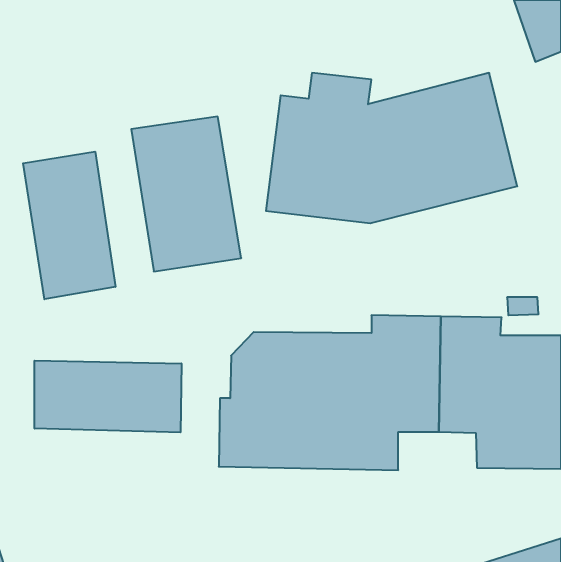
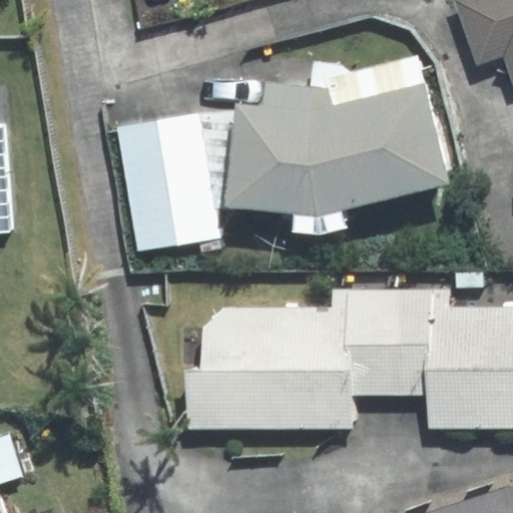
building: [23,152,115,299] -> none
building: [35,361,181,432] -> none

